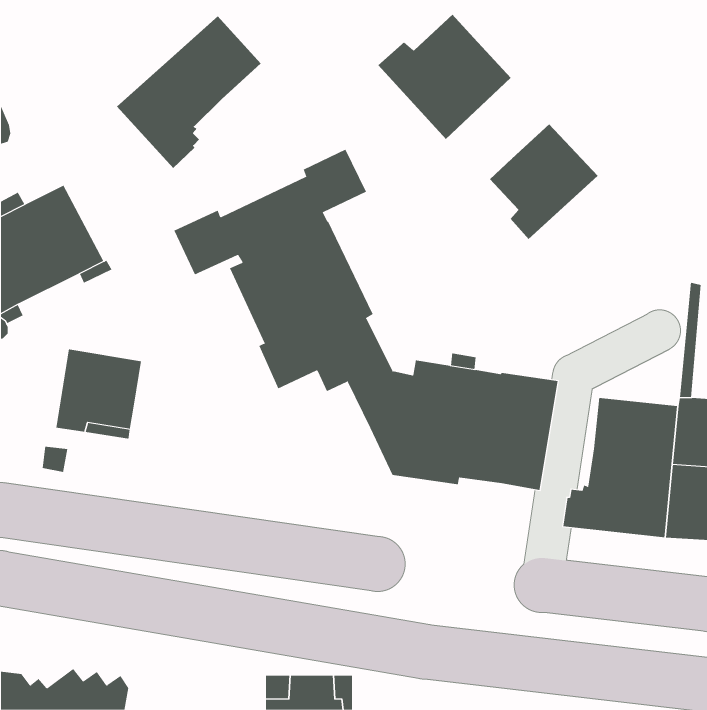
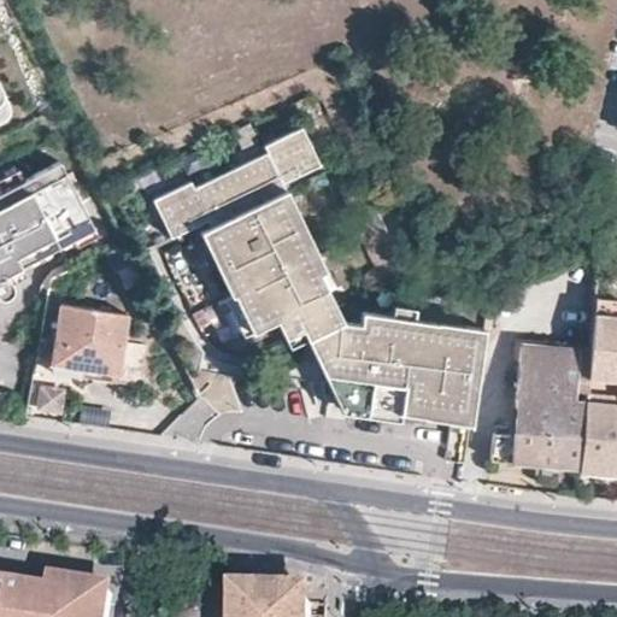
building: [377,14,512,140] -> none
building: [116,15,262,169] -> none
building: [489,124,598,240] -> none

